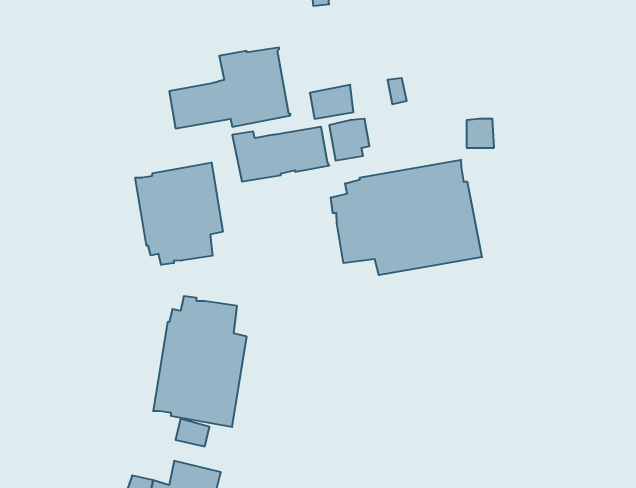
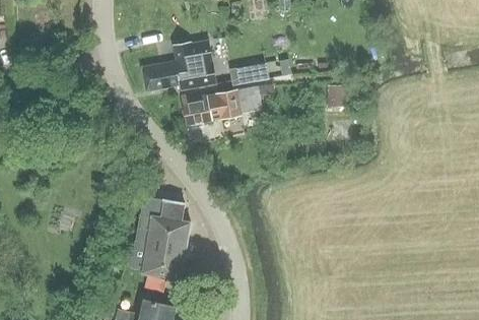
building: [331,160,482,275] -> none
building: [135,162,223,265] -> none

